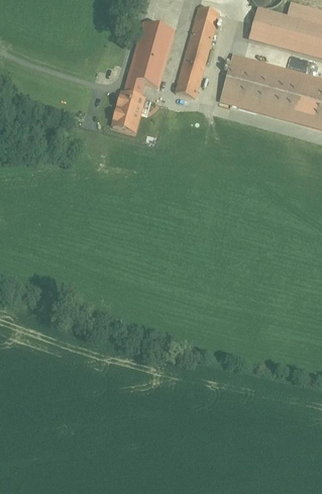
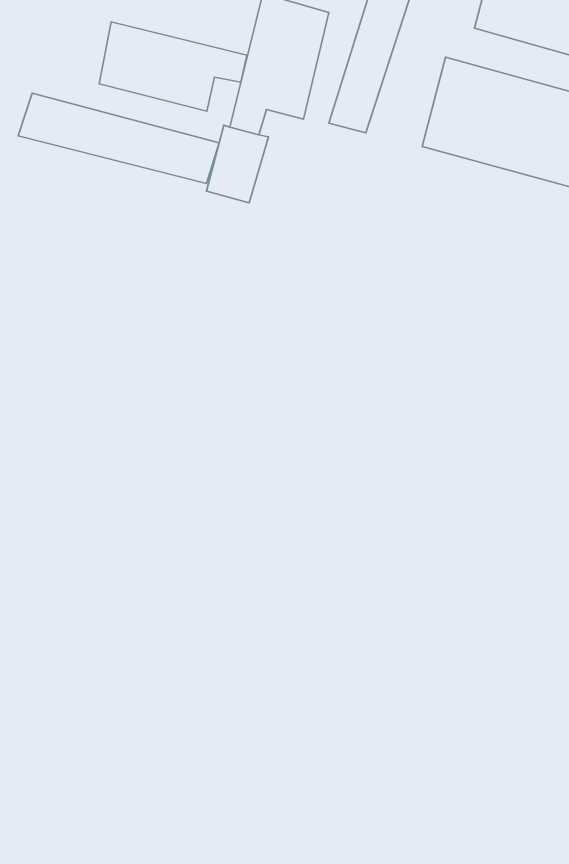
building: none -> [99,22,247,111]
building: none -> [18,93,219,183]

